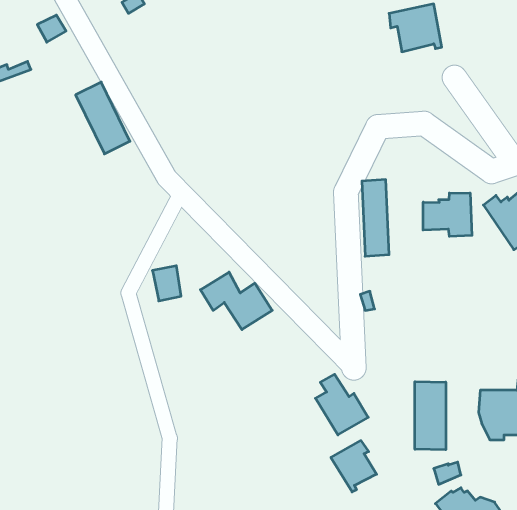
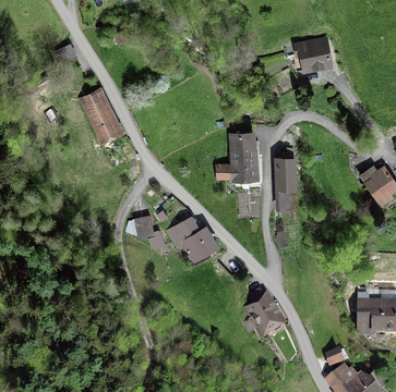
building: none -> [217,133,255,179]
building: [423,193,472,236] -> none
building: [415,382,446,450] -> none
building: [331,441,377,492] -> none

